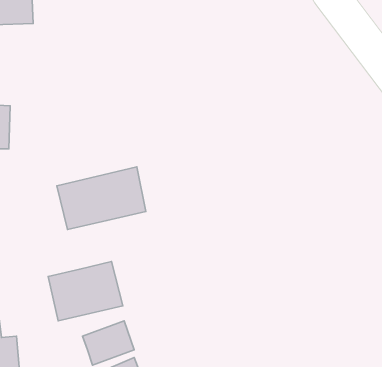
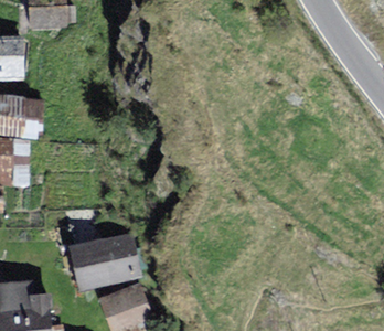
building: [57,167,146,230] -> none

